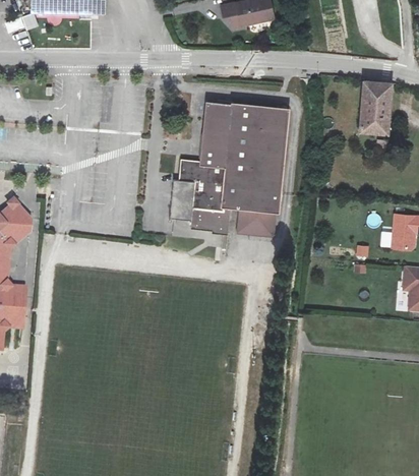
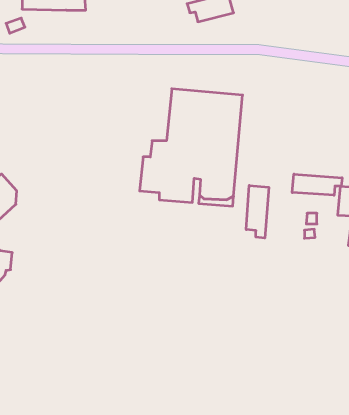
building: [360,80,393,132] -> none
building: none -> [292,174,342,195]
building: none -> [246,185,269,238]

